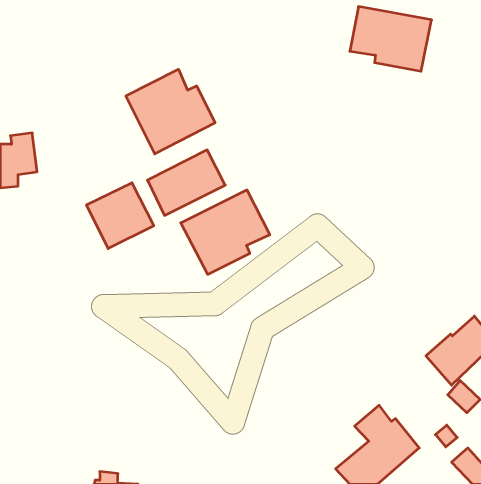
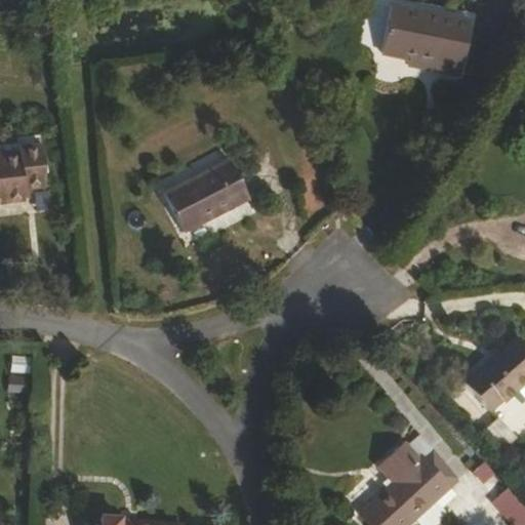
building: [126,69,215,154] -> none
building: [87,183,154,249] -> none
building: [181,190,270,274] -> none

